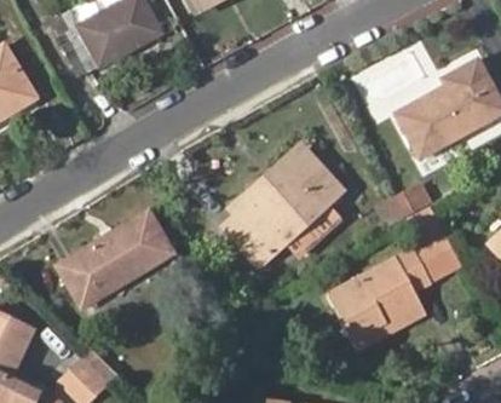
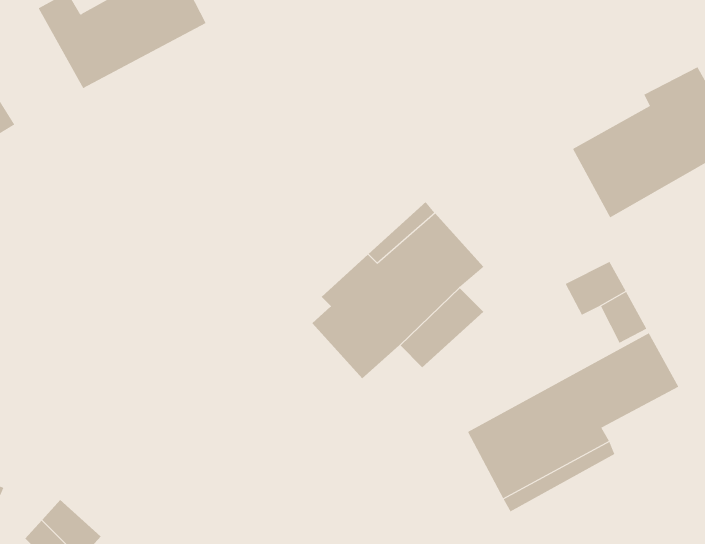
building: [61,214,172,305] -> none

